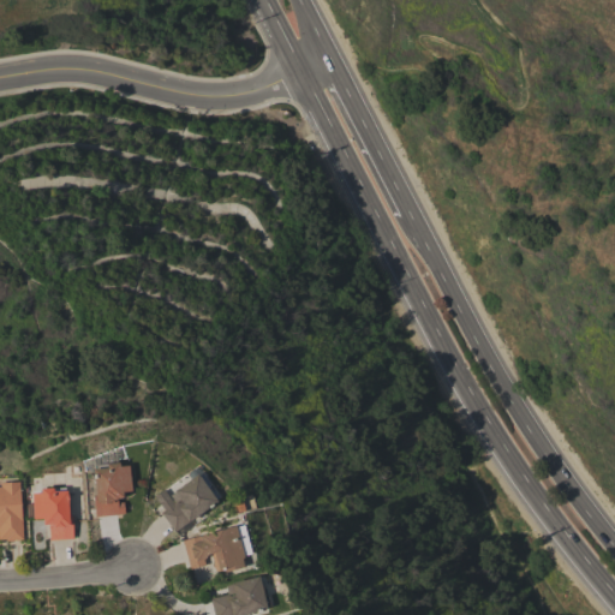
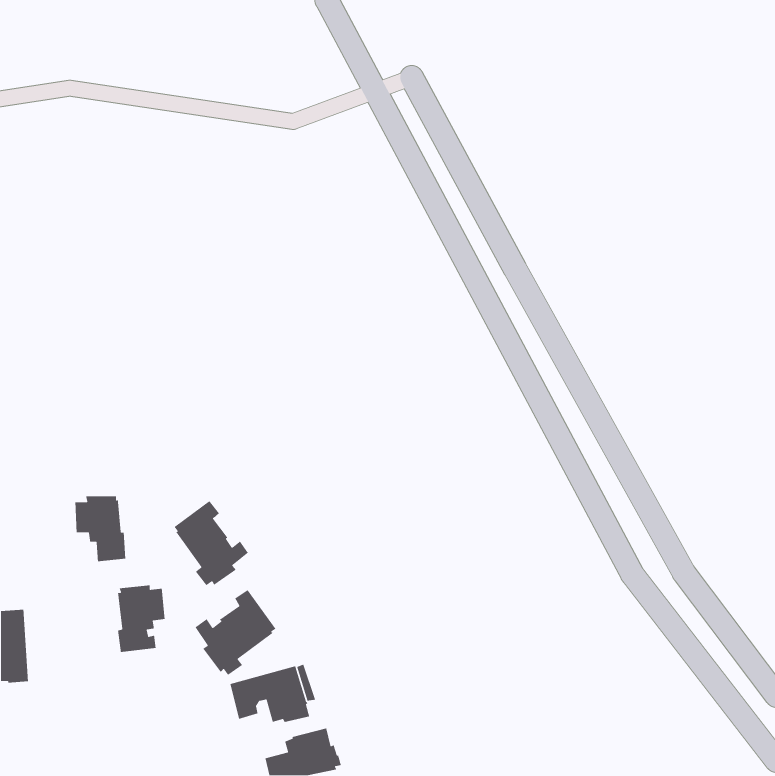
building: none -> [173,500,249,586]
building: [32,488,73,541] -> [74,495,126,562]

